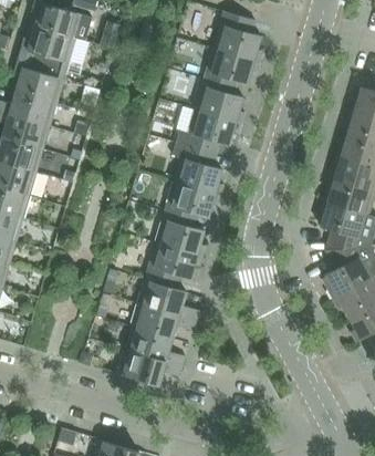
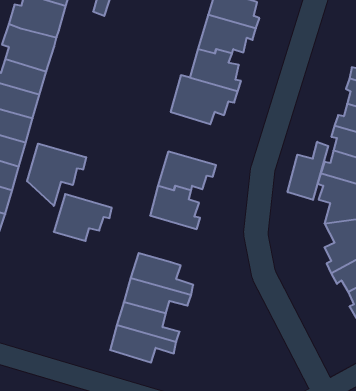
building: [166,143,223,195] -> none
building: none -> [288,142,328,200]
building: none -> [27,144,86,206]
building: [146,243,202,289] -> [54,194,112,241]

